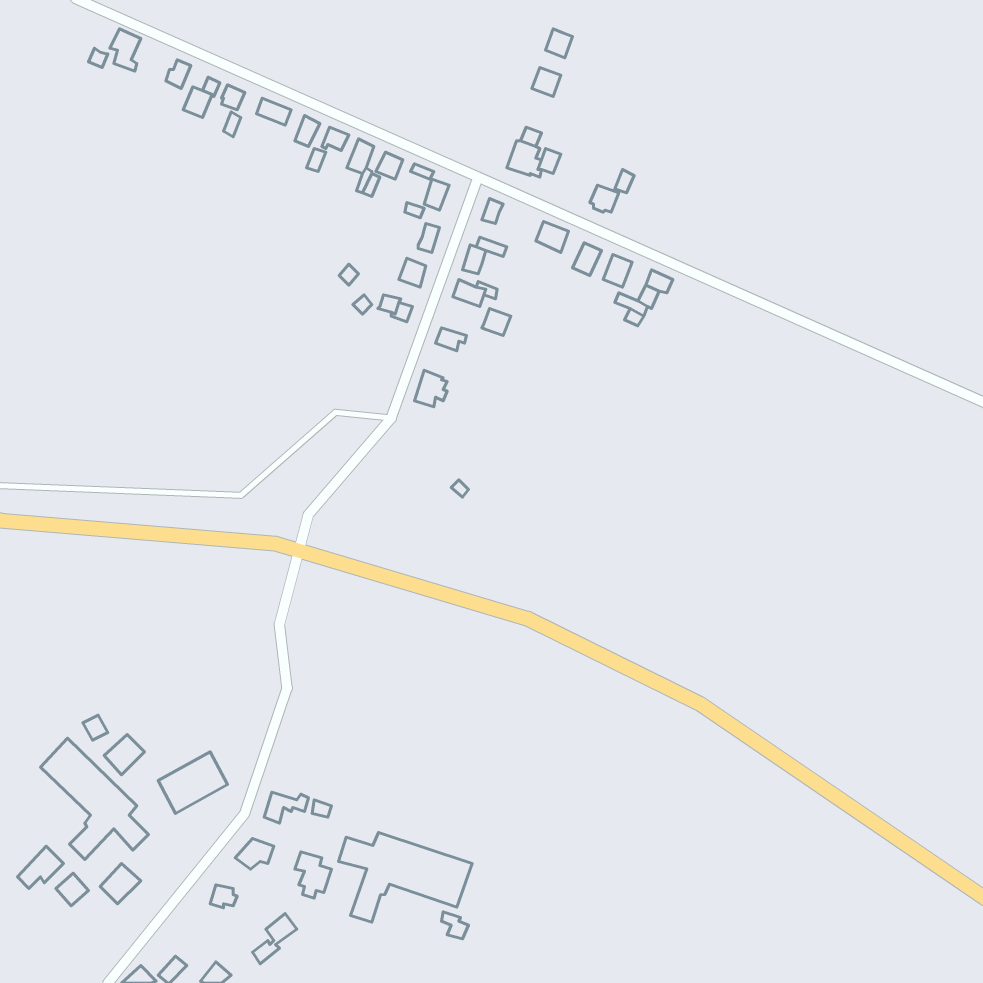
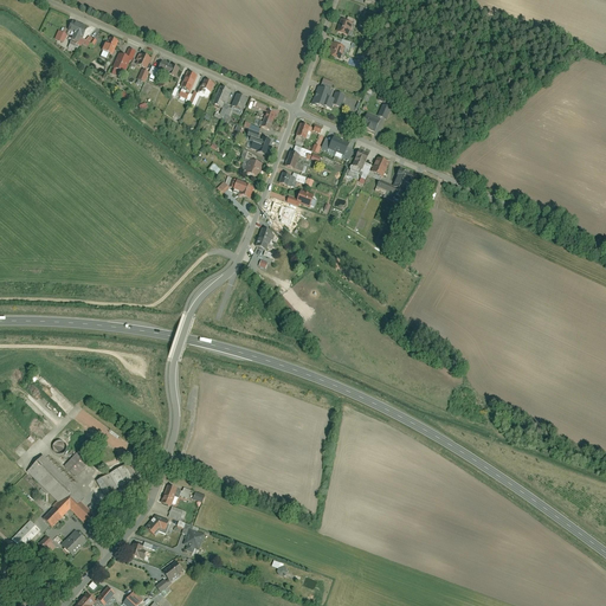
building: [339,832,472,922] -> none

